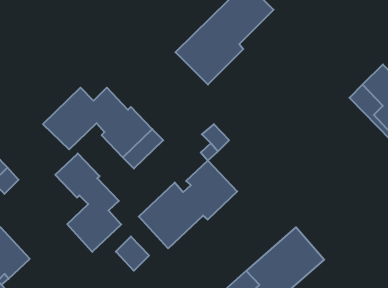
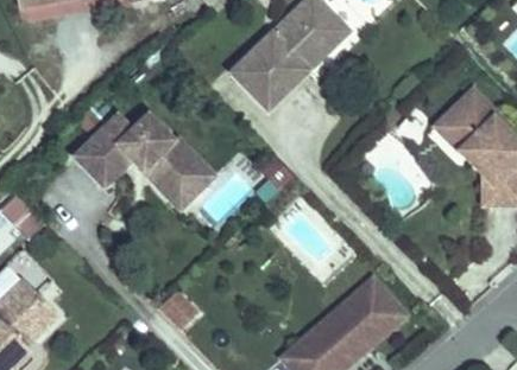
building: [55,153,121,252] -> none
building: [139,160,237,248] -> none

